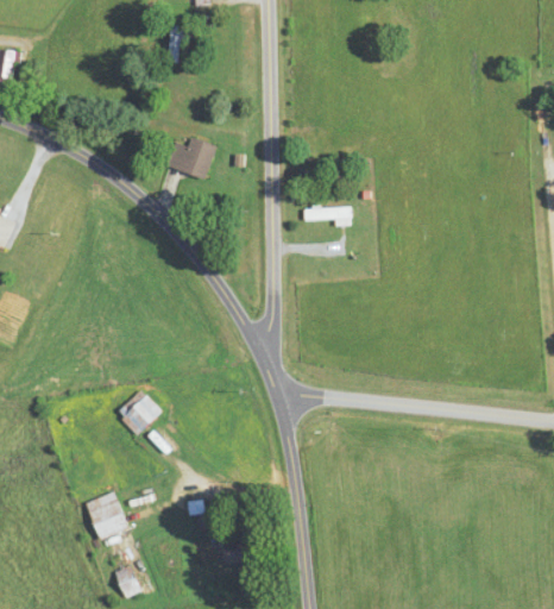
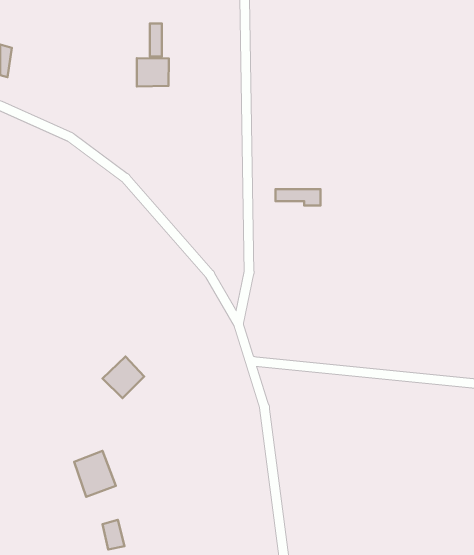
building: none -> [137,58,169,87]
building: [168,137,216,180] -> none

